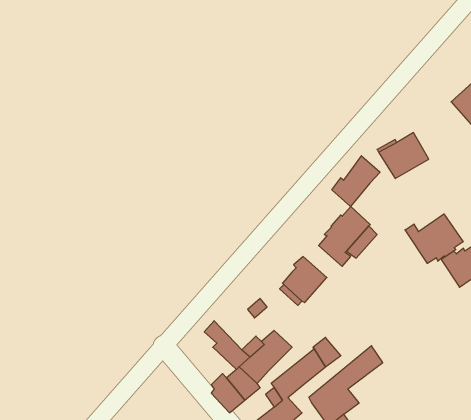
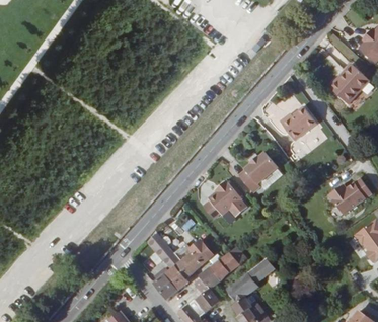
building: [332,156,380,207] -> none
building: [405,214,463,263] -> none

